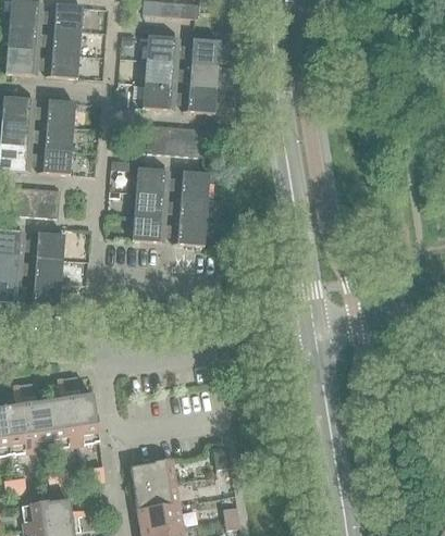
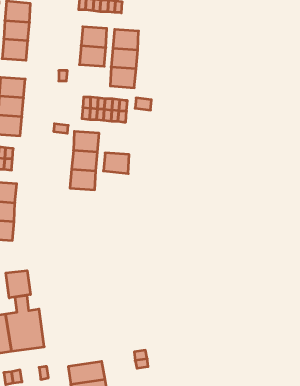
building: [144,83,176,109] -> none
building: [177,170,210,197] -> none
building: [173,217,207,245] -> none
building: none -> [6,271,30,298]

